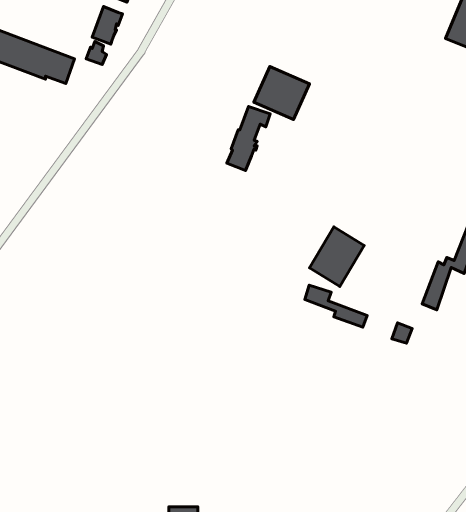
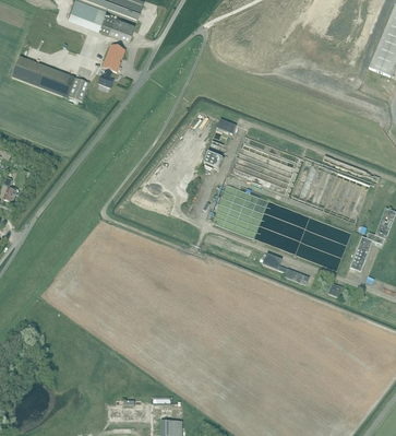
building: [254,67,309,119] -> none
building: [309,227,364,286] -> none

